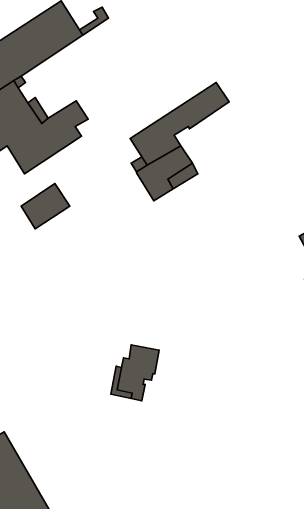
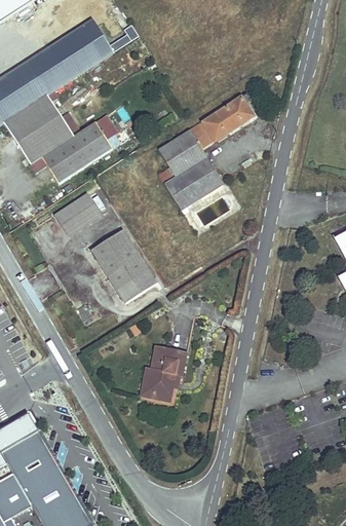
building: none -> [91,230,157,303]

